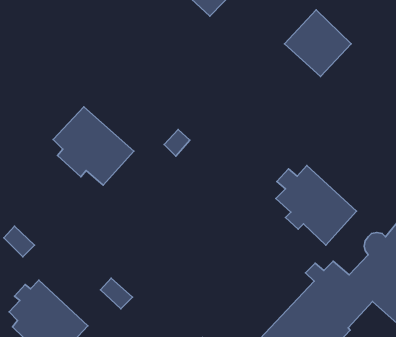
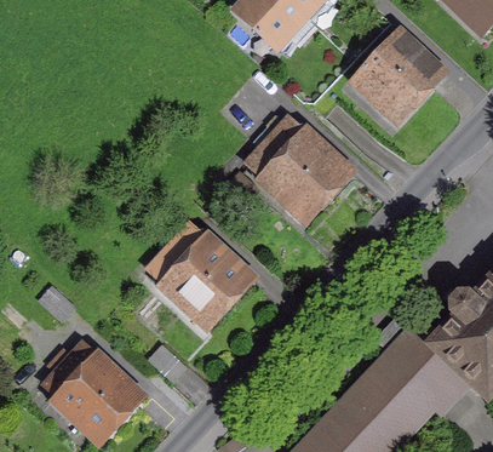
building: [53,107,134,185] -> [154,230,246,320]
building: [276,166,357,245] -> [252,124,344,214]

